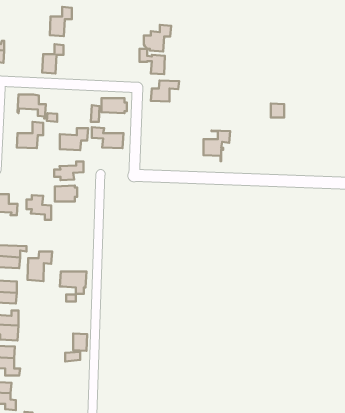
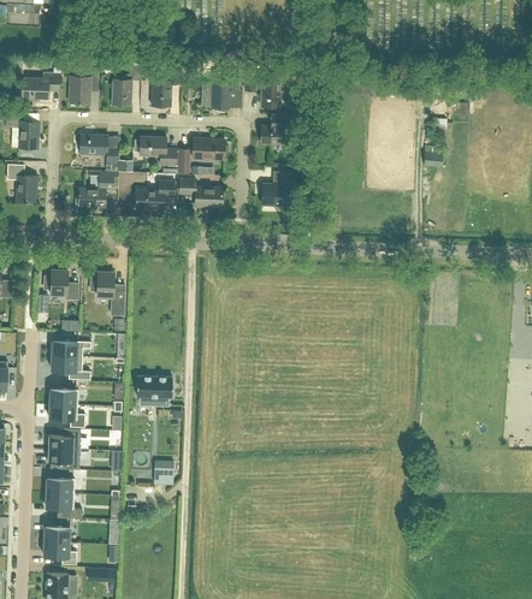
building: [50,7,72,36] -> [150,67,181,107]
building: [144,25,171,51] -> [202,73,240,109]
building: none -> [69,69,97,103]
building: none -> [134,137,176,166]
building: [204,130,230,161] -> [261,172,297,214]
building: [54,161,84,180] -> none
building: [55,186,77,202] -> none
building: [27,252,52,281] -> none

